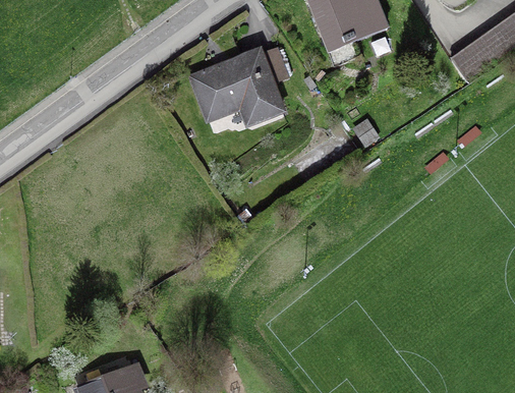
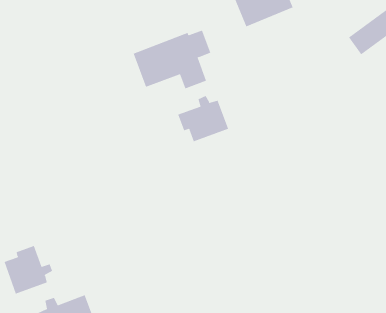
building: none -> [177,95,229,142]
building: none -> [4,245,53,295]

